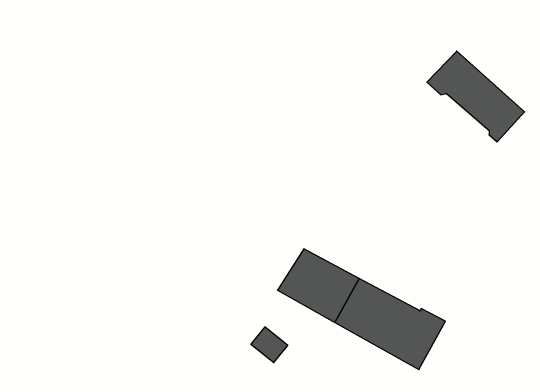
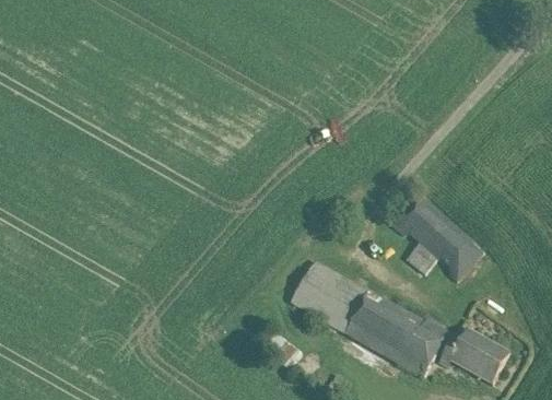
building: [427,51,525,142] -> [390,193,483,280]
building: none -> [438,328,509,384]

